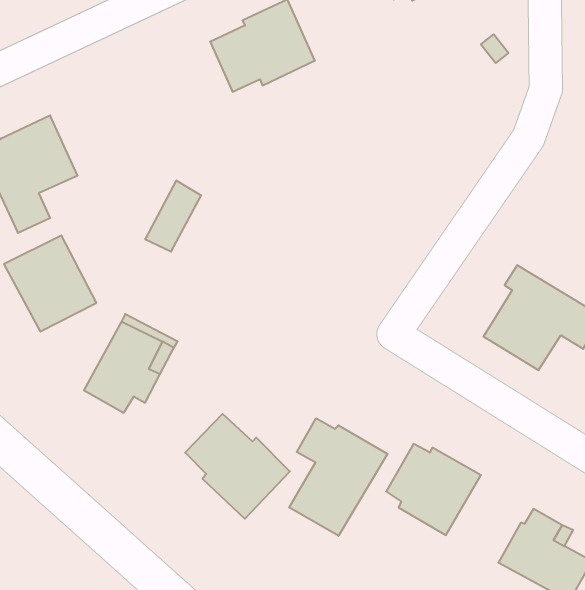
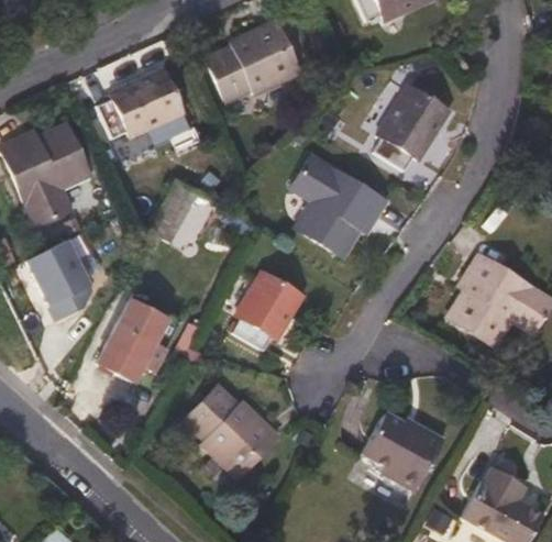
building: none -> [100,69,184,137]
building: none -> [375,85,448,168]
building: none -> [294,154,386,257]
building: none -> [234,272,302,349]
building: [289,418,388,536] -> none

